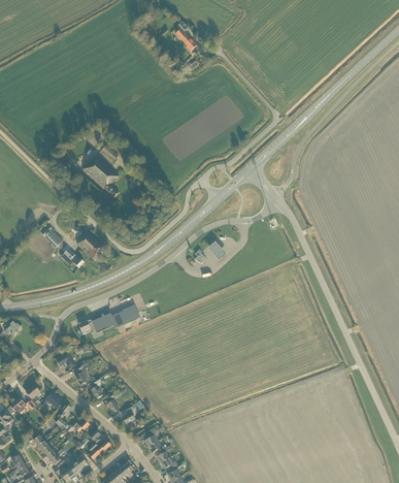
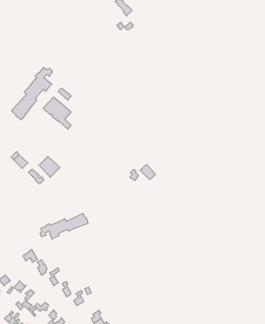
building: none -> [12,68,53,120]

